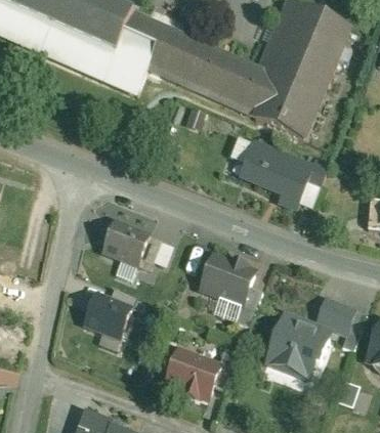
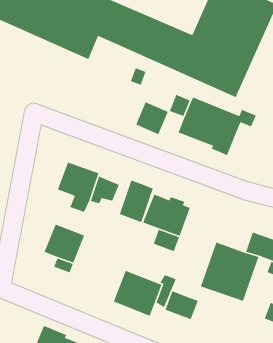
building: none -> [135,101,169,135]
building: none -> [119,180,154,223]
building: none -> [164,290,199,320]

